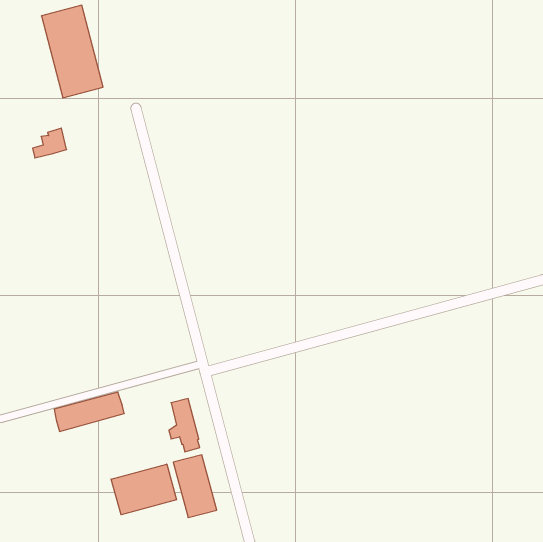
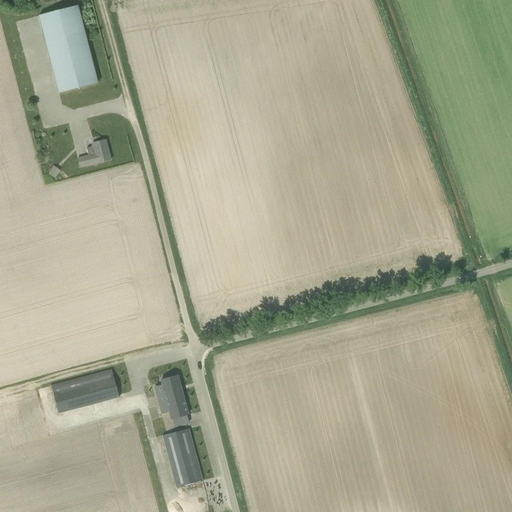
building: [33,128,67,158] -> [78,139,110,167]
building: [111,464,177,515] -> none

